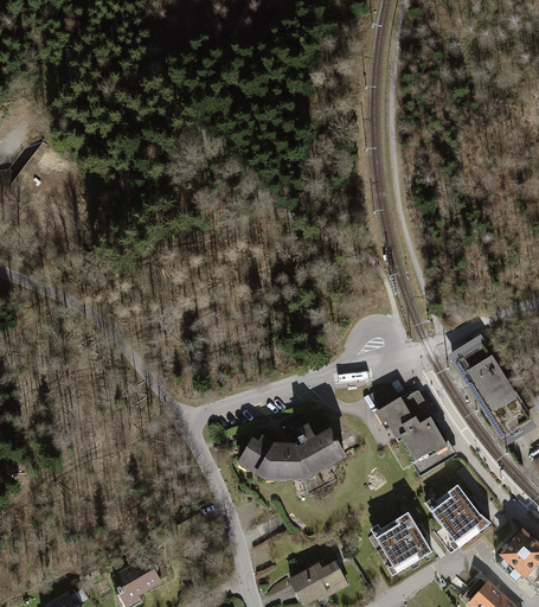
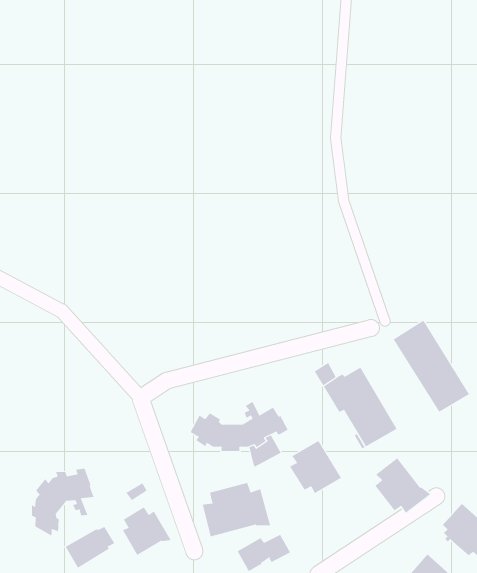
building: none -> [32,468,94,536]
building: none -> [202,482,271,537]
building: [376,511,430,567] -> [289,440,342,494]
building: none -> [122,507,172,556]

